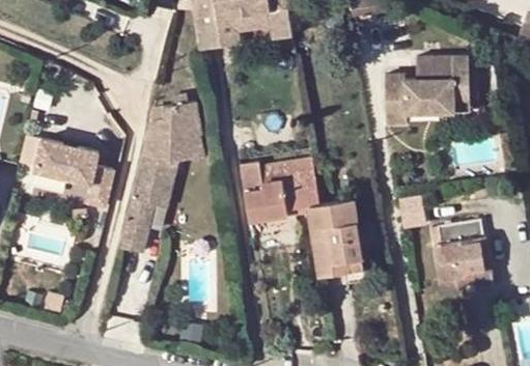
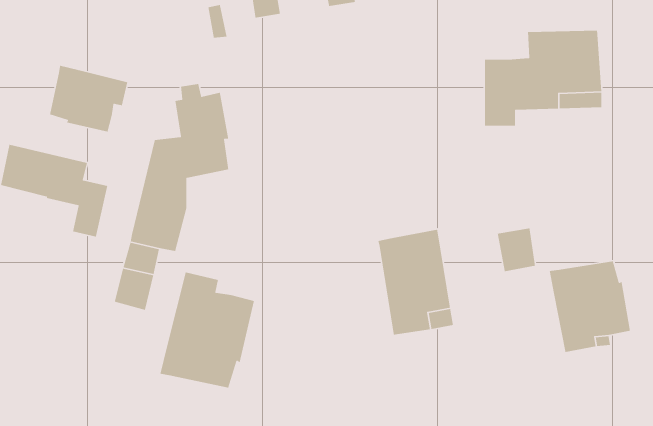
building: none -> [49,65,128,132]
building: [241,159,318,220] -> none
building: none -> [160,271,255,389]

